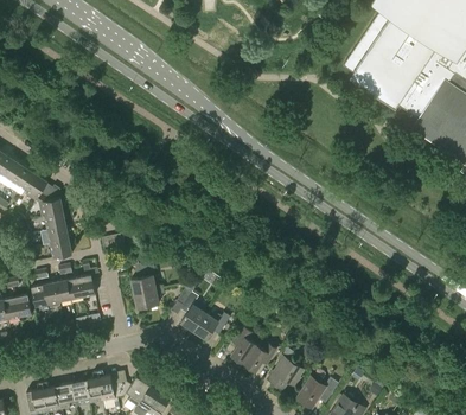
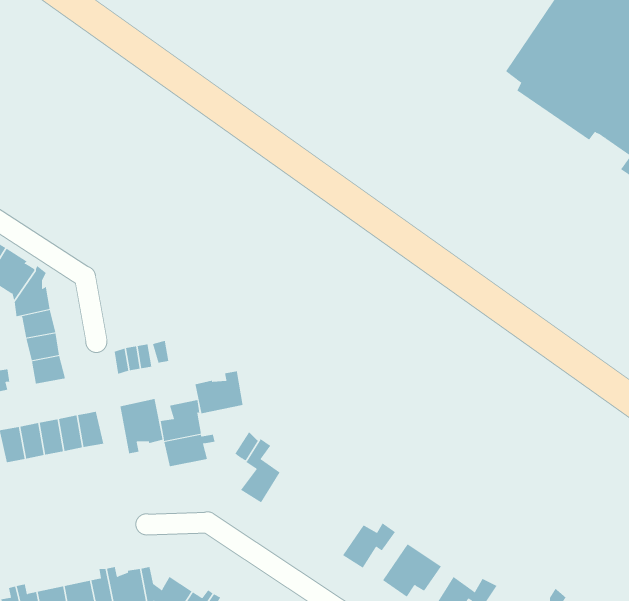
building: none -> [195,370,243,414]
building: none -> [120,398,163,454]
building: [192,312,230,340] -> none
building: [230,325,255,363] -> none

